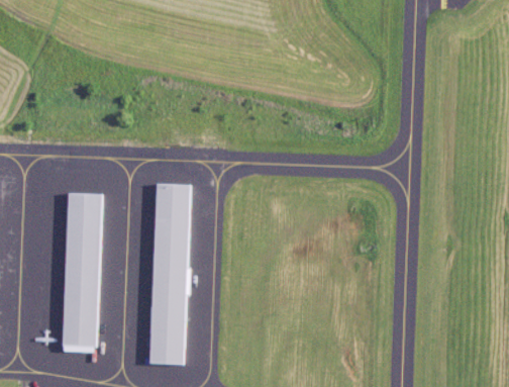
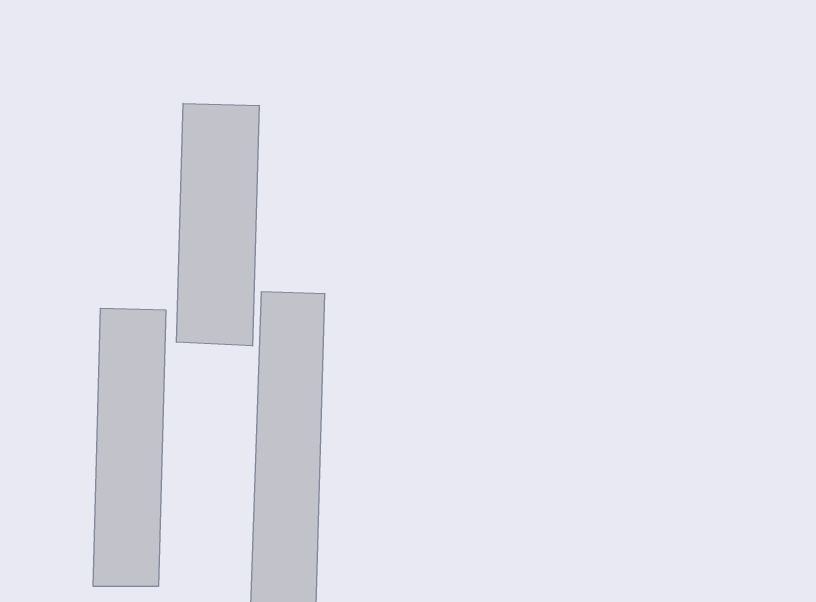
building: none -> [176,103,259,346]

